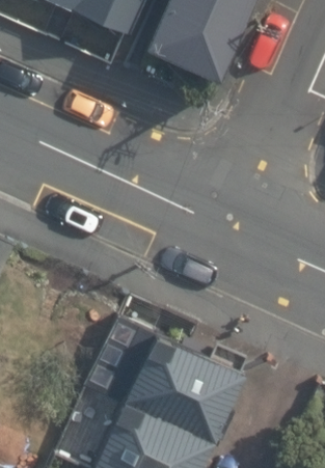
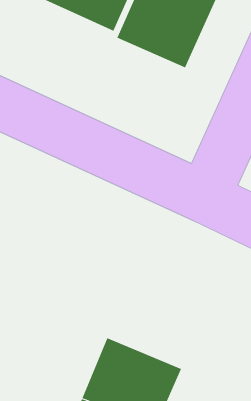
building: [127,324,243,430] -> none

